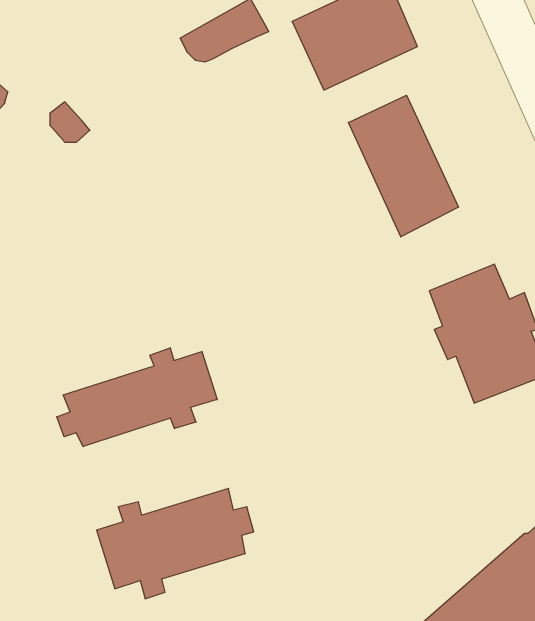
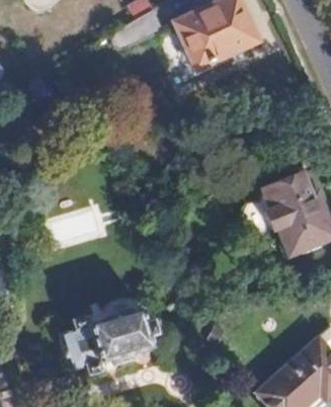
building: [348,95,458,237] -> none
building: [57,348,217,447] -> none

